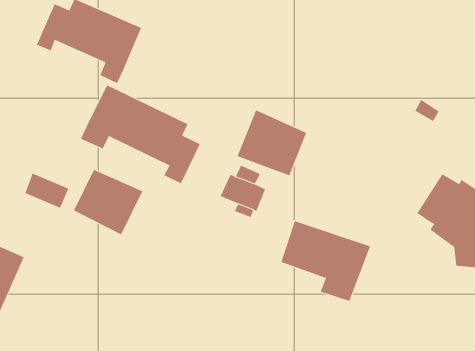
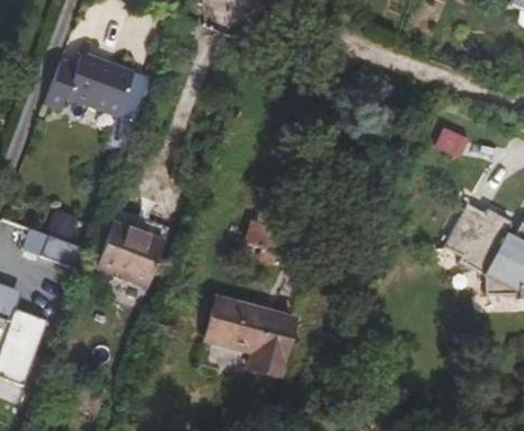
building: [80,84,201,184] -> none
building: [237,110,307,176] -> none
building: [281,221,371,301] -> [204,298,294,376]

